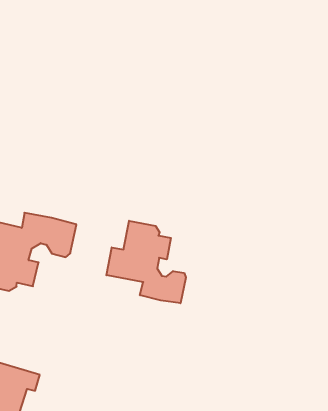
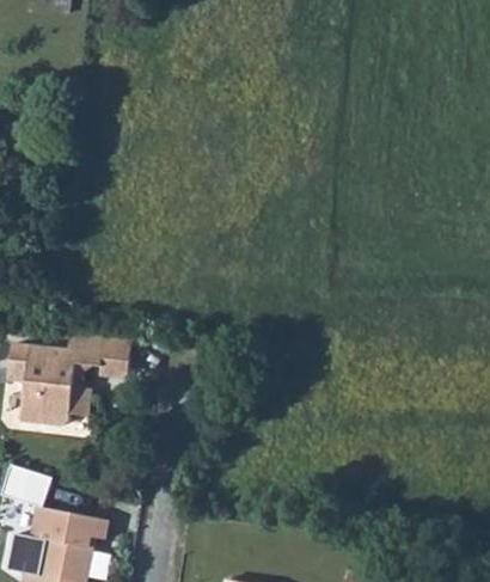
building: [106,221,186,303] -> none

